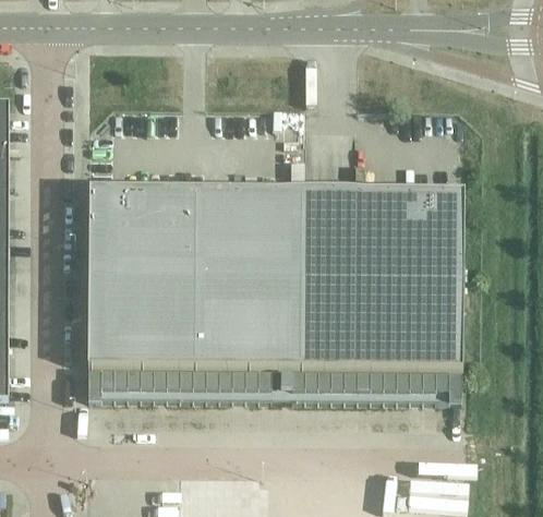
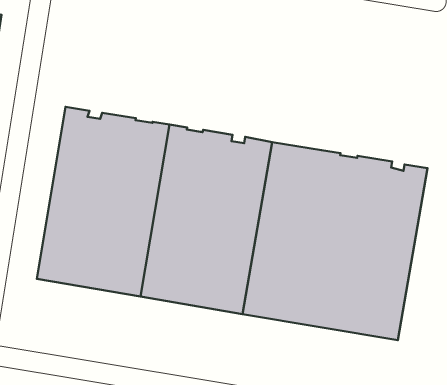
building: [85,369,269,396] -> none
building: [279,370,459,397] -> none

